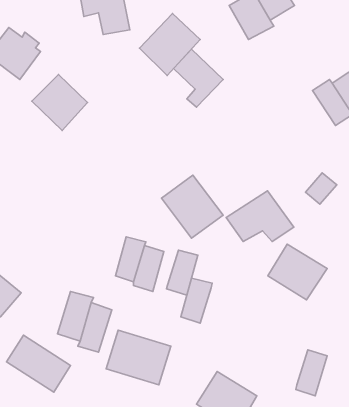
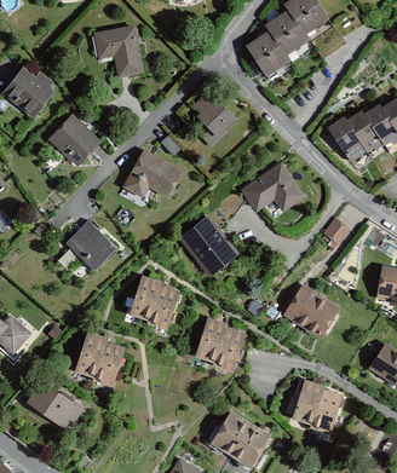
building: [139,14,200,75] -> none
building: none -> [122,149,185,201]
building: none -> [63,219,117,272]
building: [226,191,294,242] -> [240,163,307,214]
building: [166,250,198,295] -> [214,328,246,373]
building: [106,330,171,385] -> none
building: none -> [292,380,323,425]

